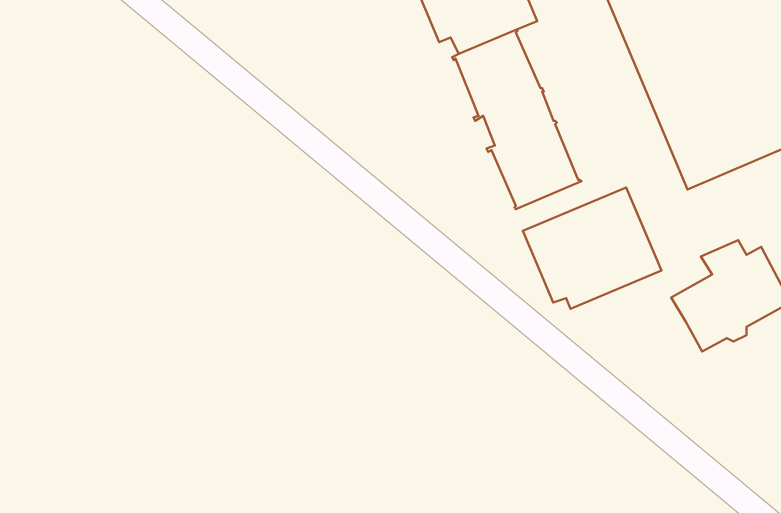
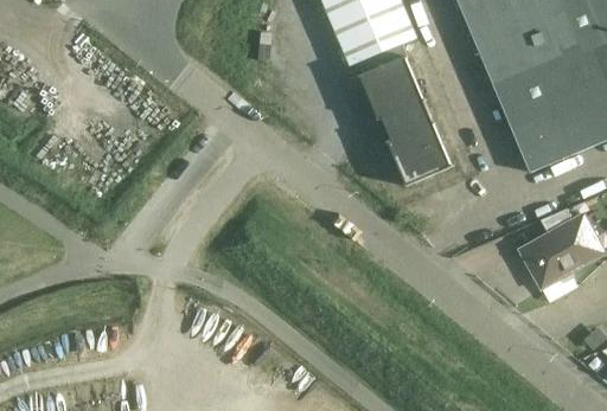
building: [523,188,661,309] -> none

